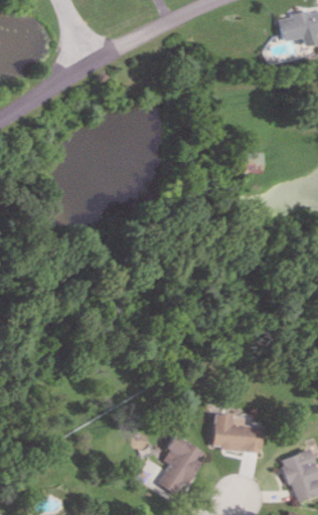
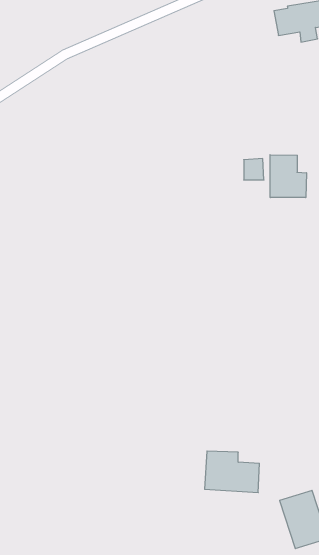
building: none -> [270,155,306,198]
building: [159,435,208,494] -> none

